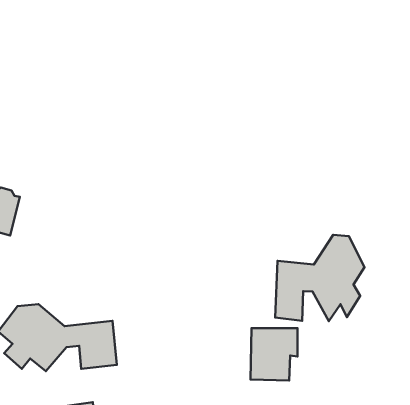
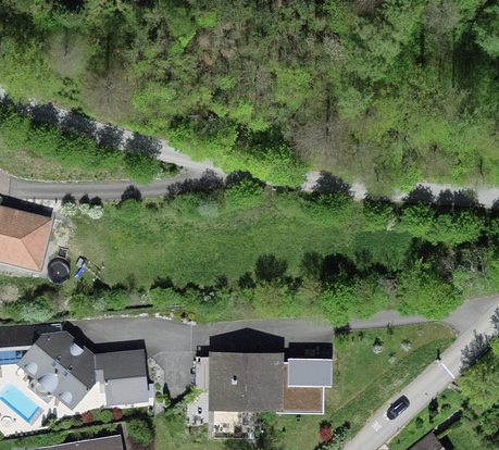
building: [275,235,364,321] -> none
building: none -> [209,352,284,412]

